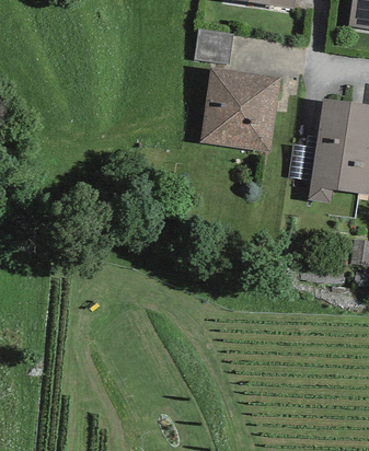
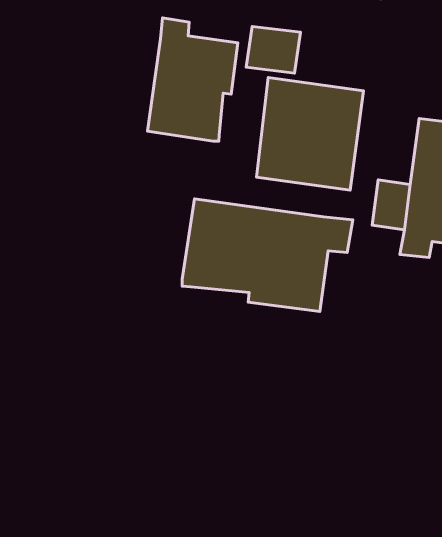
building: none -> [147,18,238,141]
building: none -> [182,199,353,312]

